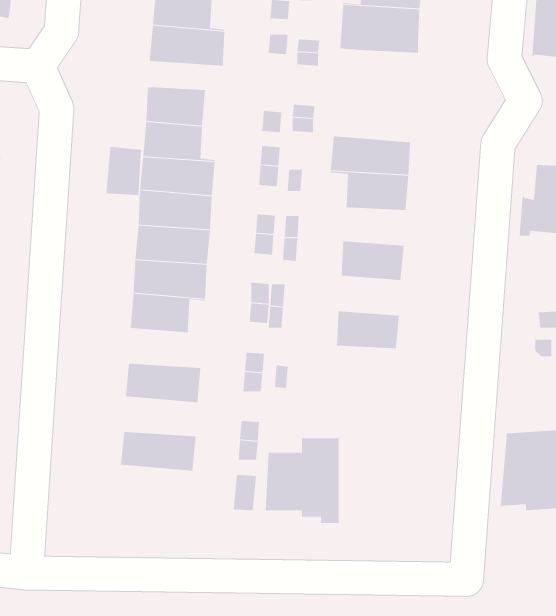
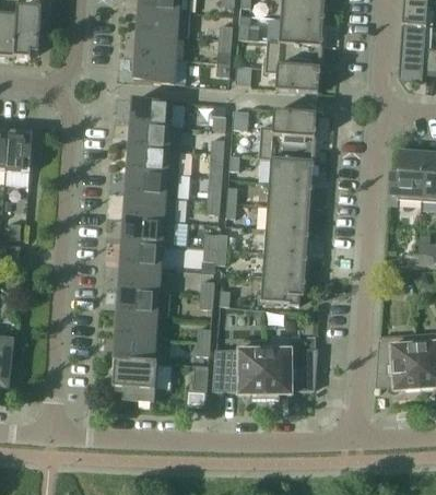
building: none -> [275,73,319,93]
building: none -> [260,109,315,137]
building: [106,146,142,196] -> none
building: none -> [267,181,310,208]
building: none -> [263,228,307,256]
building: none -> [119,264,169,292]
building: none -> [260,276,304,305]
building: none -> [116,311,167,339]
building: none -> [264,340,316,399]
building: none -> [111,358,164,402]

